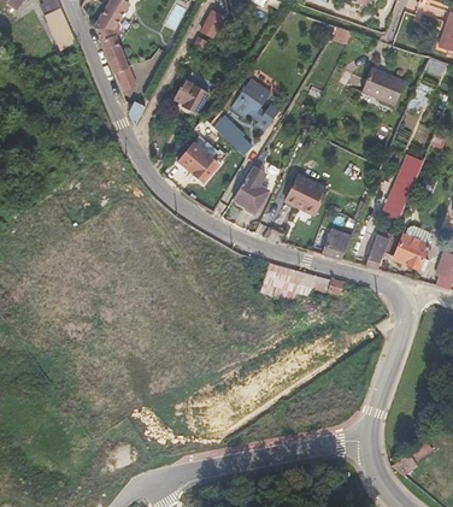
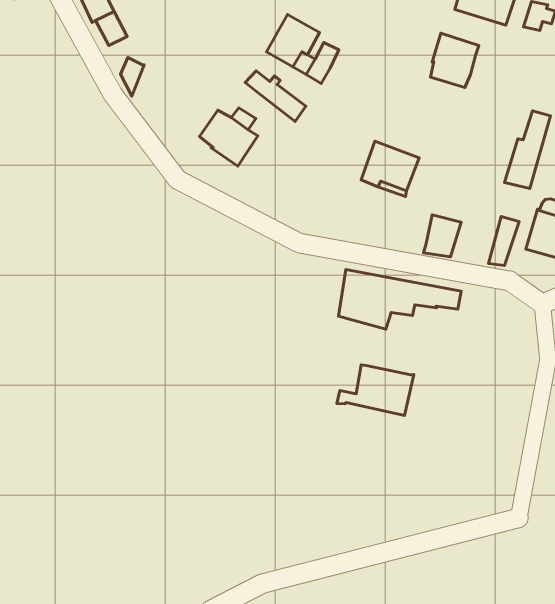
building: [173,78,208,114] -> none
building: none -> [431,33,479,87]
building: [234,164,271,211] -> none
building: none -> [337,365,414,415]

